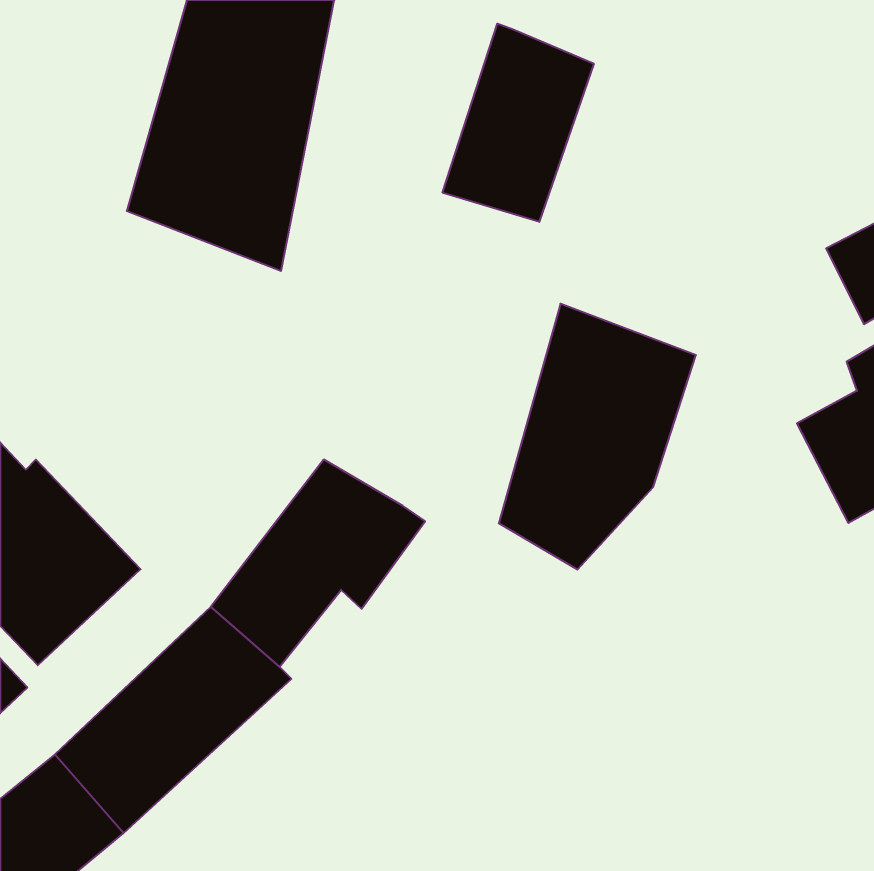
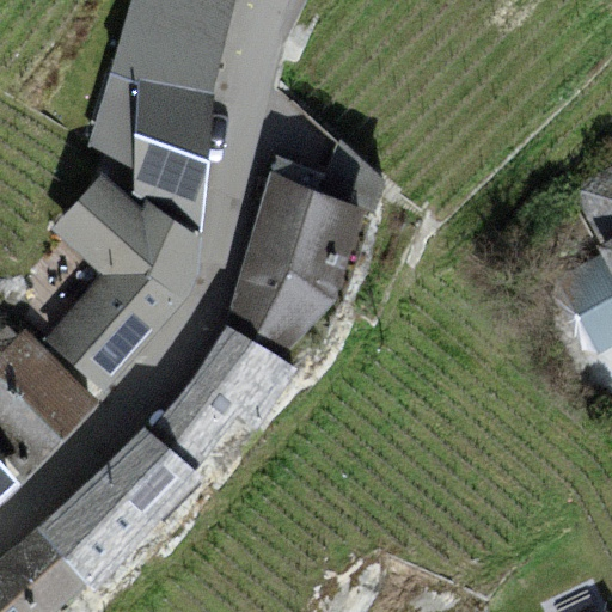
building: [443,24,594,222] -> none
building: none -> [45,173,198,392]
building: [499,304,696,569] -> [227,171,365,356]

